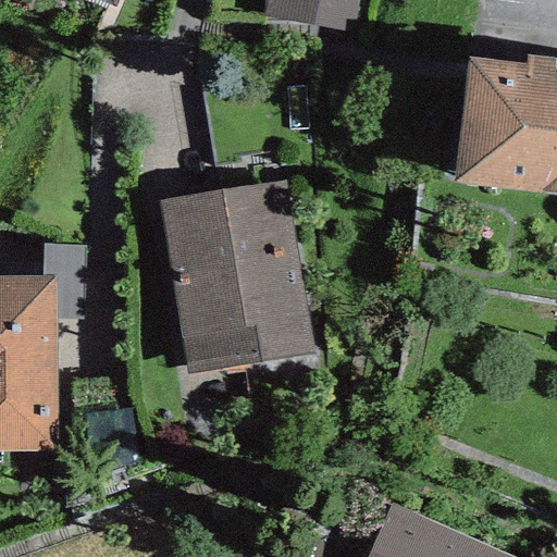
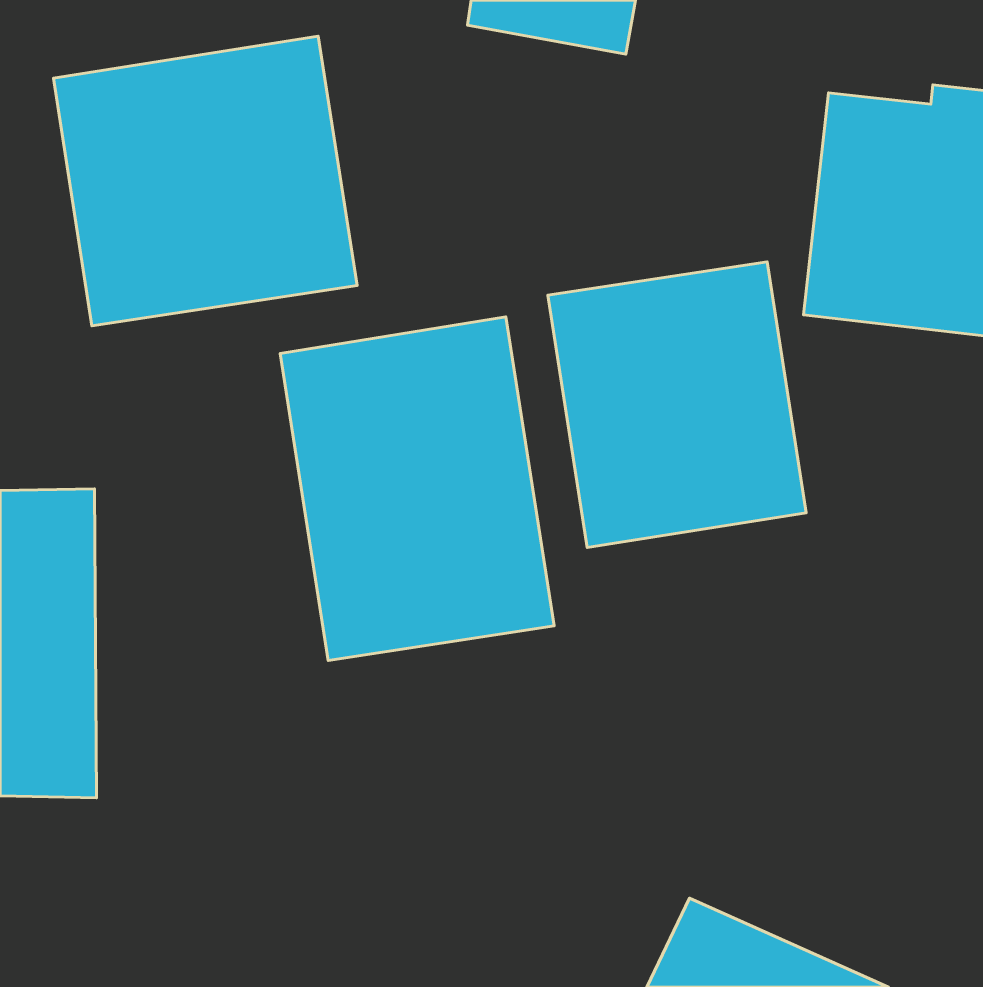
building: none -> [53,36,357,326]
building: none -> [548,262,806,548]

